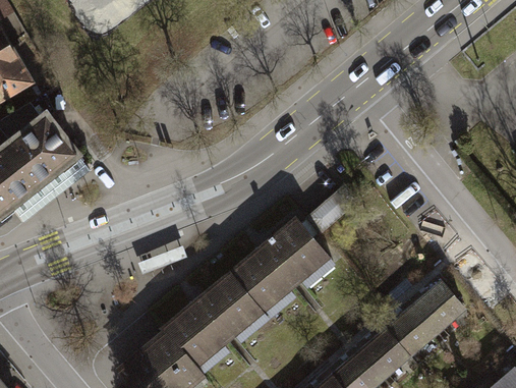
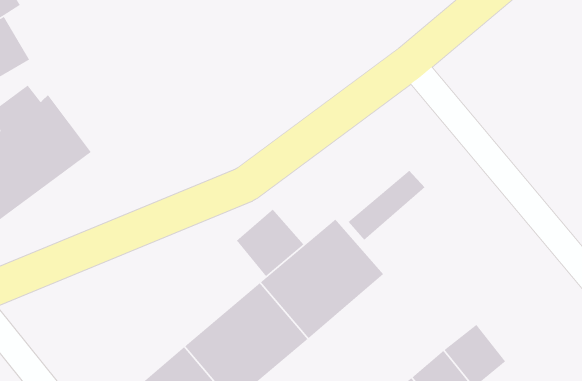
building: none -> [236,209,304,277]
building: [414,283,467,338] -> none

